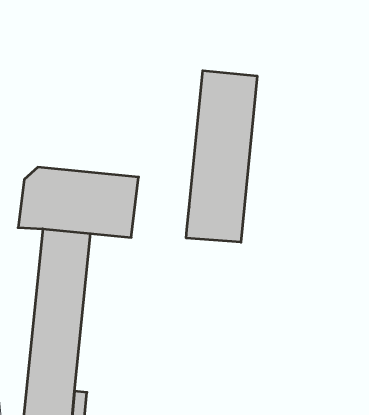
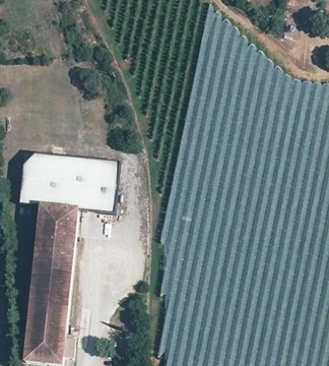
building: [186,71,257,242] -> none

